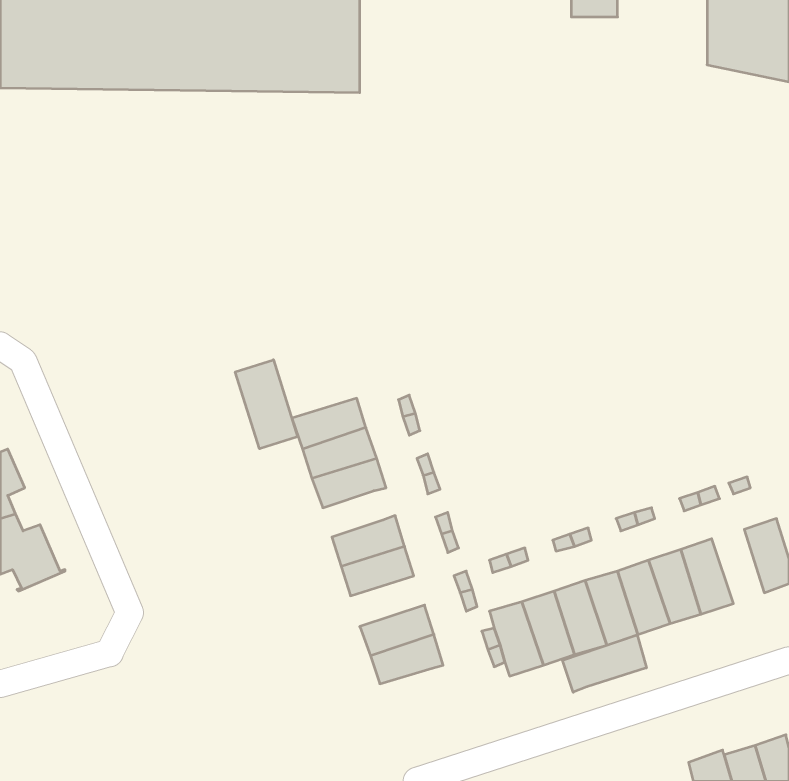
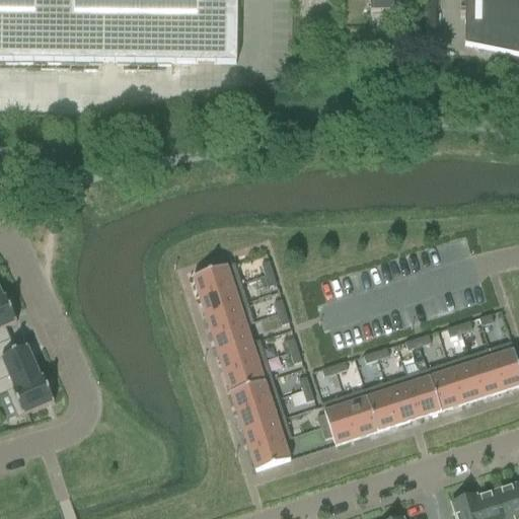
building: [235,360,298,449] -> none
building: none -> [212,322,251,353]
building: none -> [467,348,502,396]
building: none -> [6,375,54,416]
building: none -> [230,378,278,411]
building: [563,635,646,692] -> none
building: none -> [249,439,290,469]

